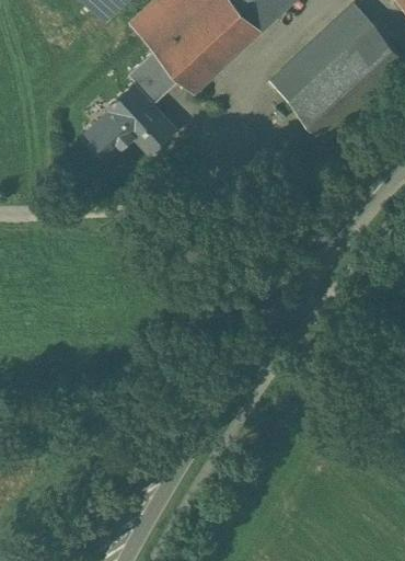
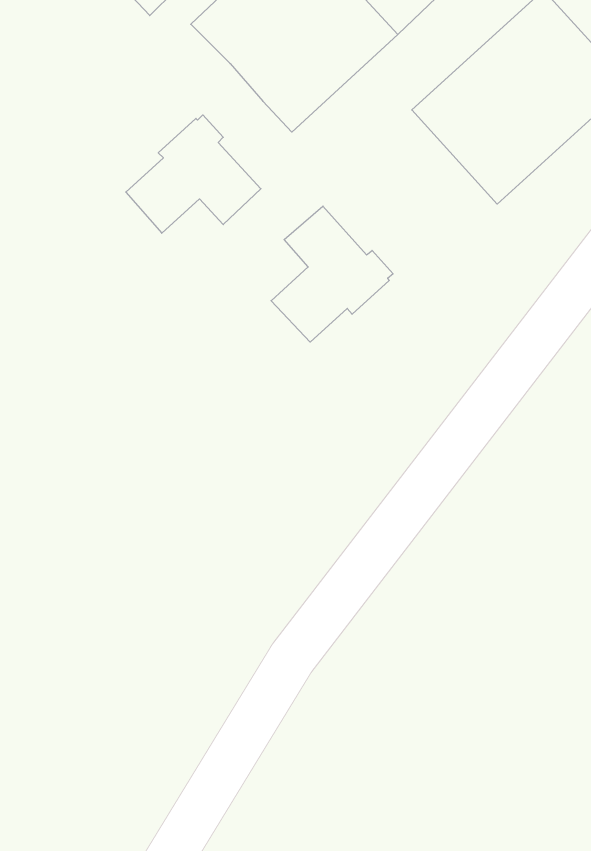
building: [127,49,174,96] -> none
building: none -> [271,206,393,342]

